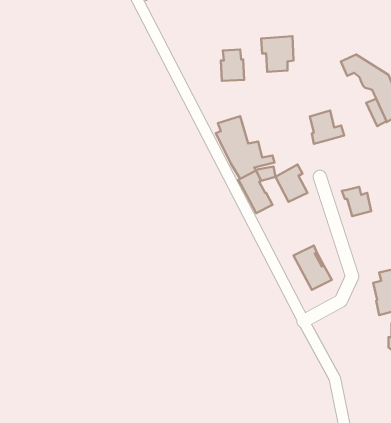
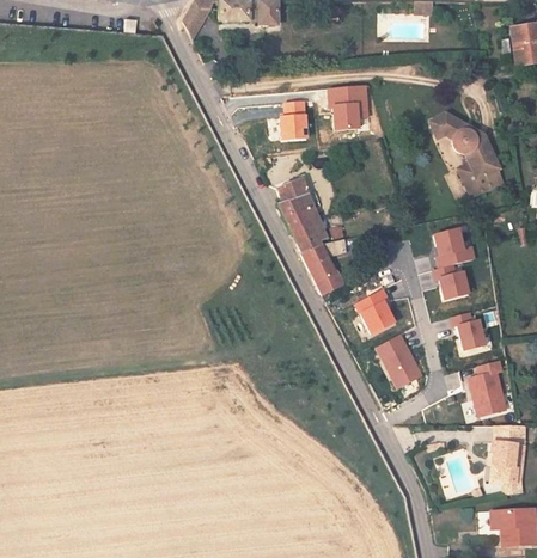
building: [310,110,344,144] -> [431,228,471,268]
building: [275,165,308,202] -> [352,288,390,332]
building: none -> [447,312,480,350]

